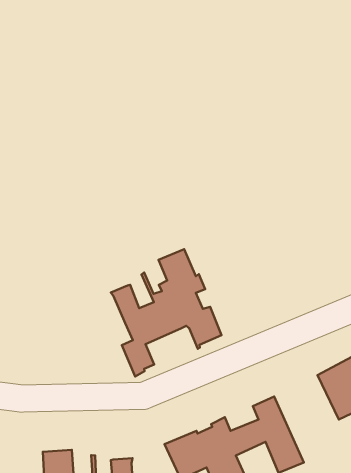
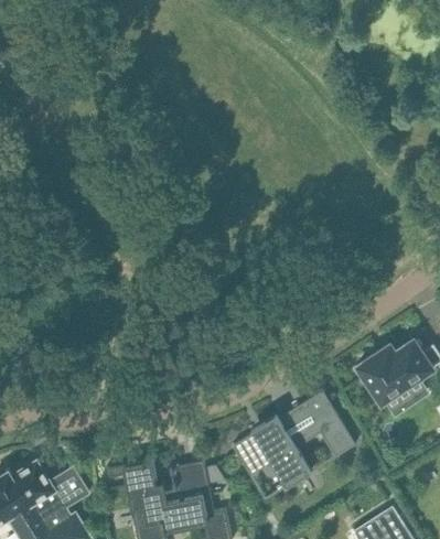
building: [111,249,221,376] -> none

